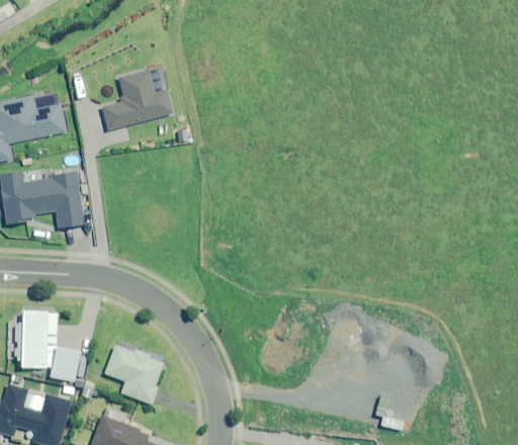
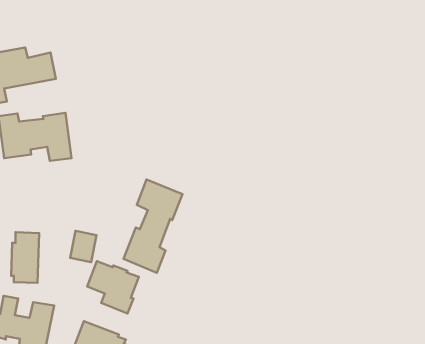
building: [94,67,171,128] -> none
building: none -> [124,180,183,273]
building: [49,346,79,382] -> [70,231,96,262]

